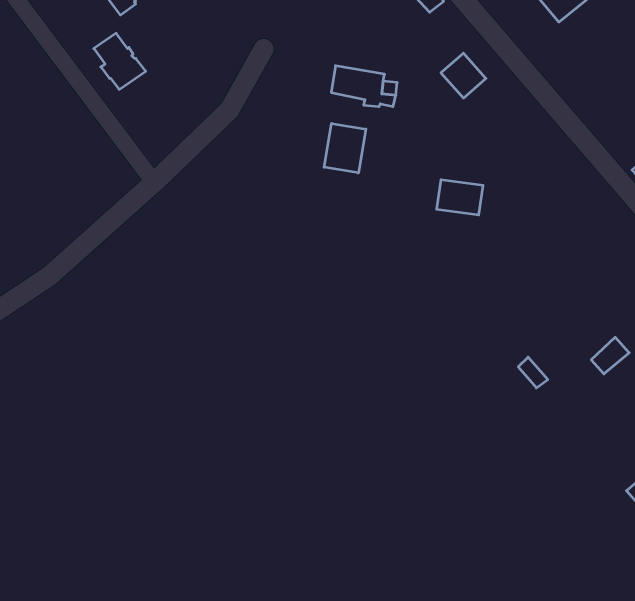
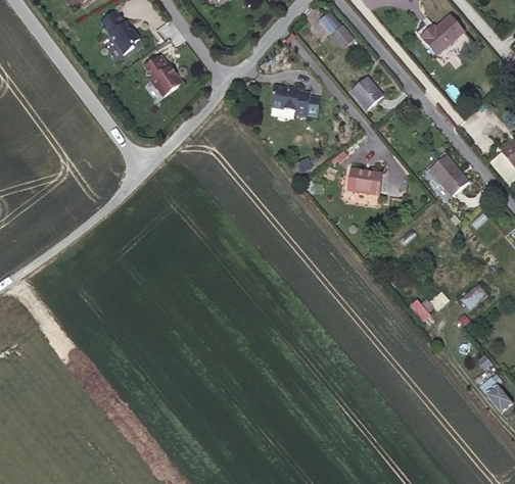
building: [94,33,146,89] -> [140,50,178,91]
building: [324,123,366,173] -> none
building: none -> [430,155,469,195]

